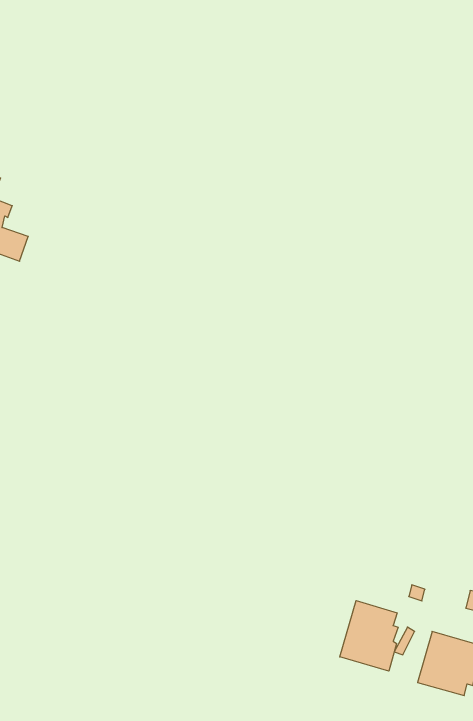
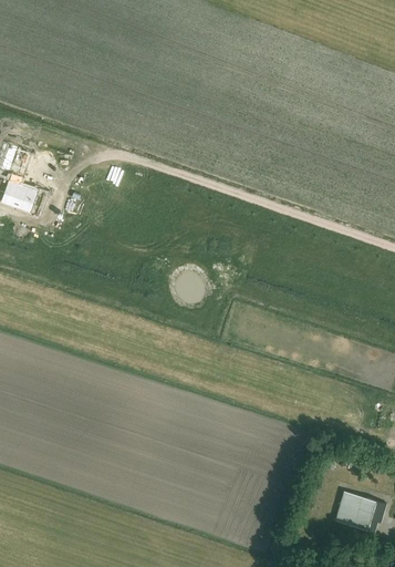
building: [340,601,398,671] -> none

